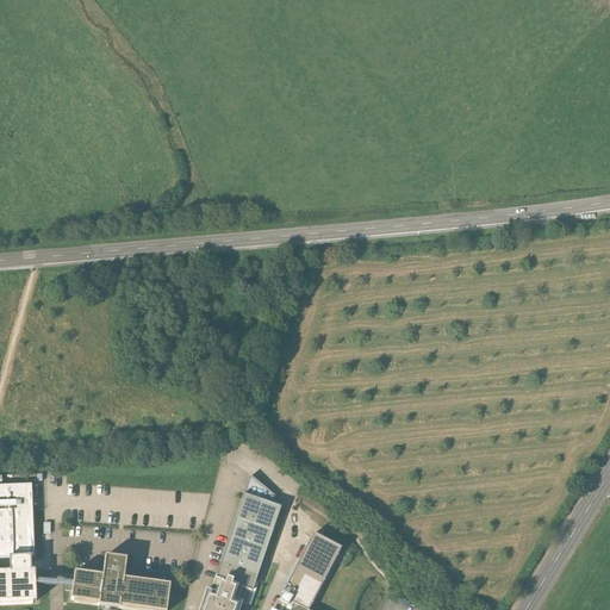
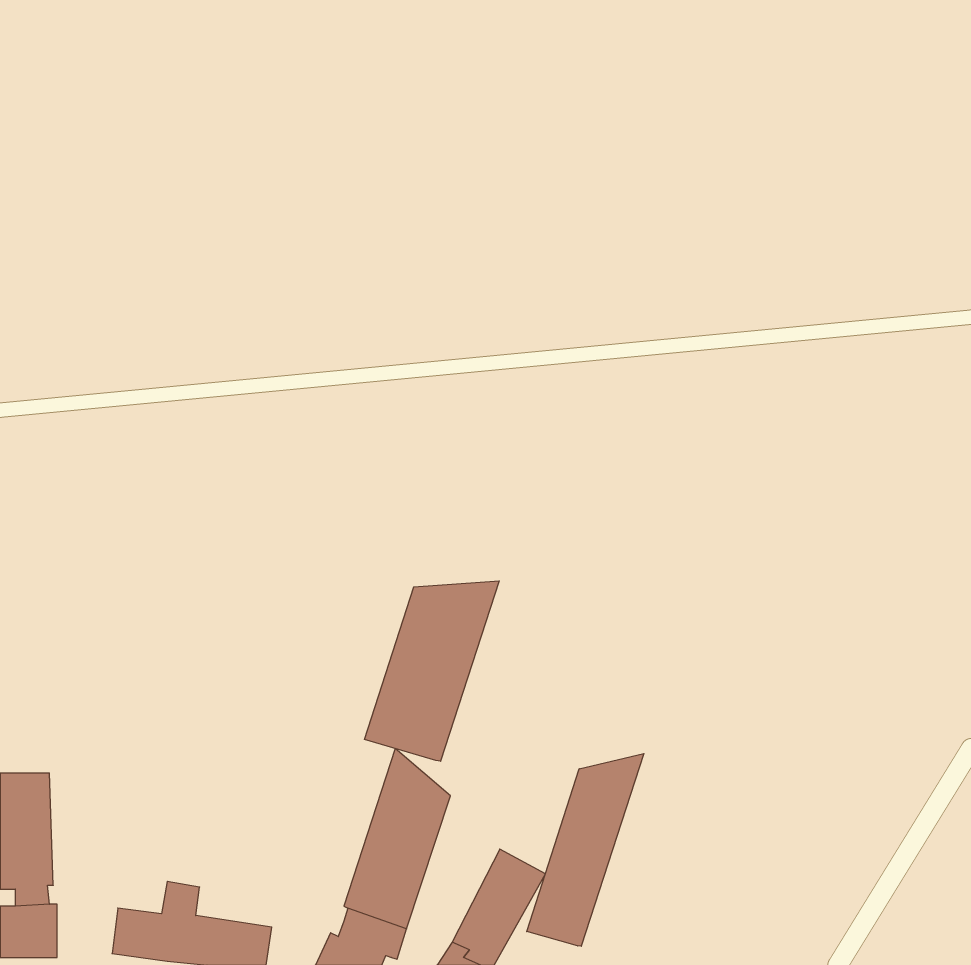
building: none -> [365,581,499,761]
building: none -> [527,754,644,946]

